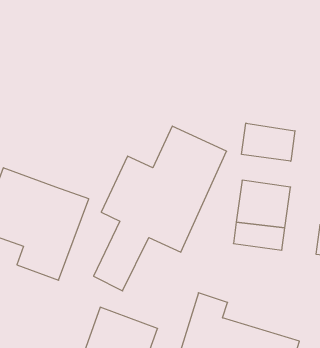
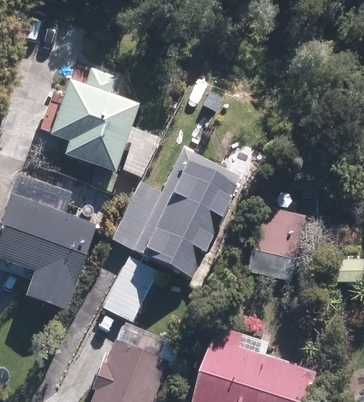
building: none -> [52,66,163,188]
building: [242,123,295,161] -> none

